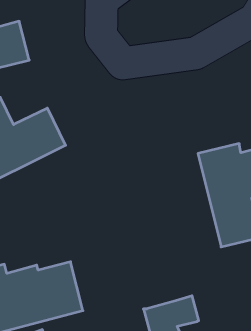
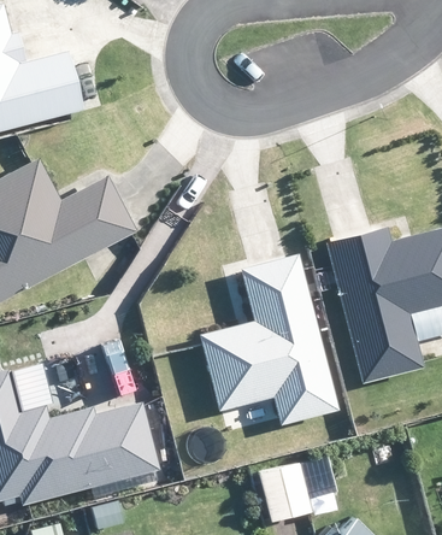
building: none -> [201,255,337,423]

